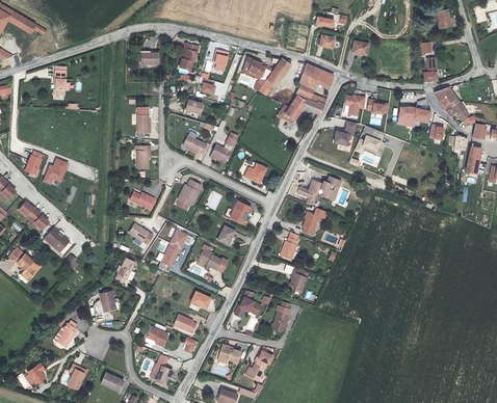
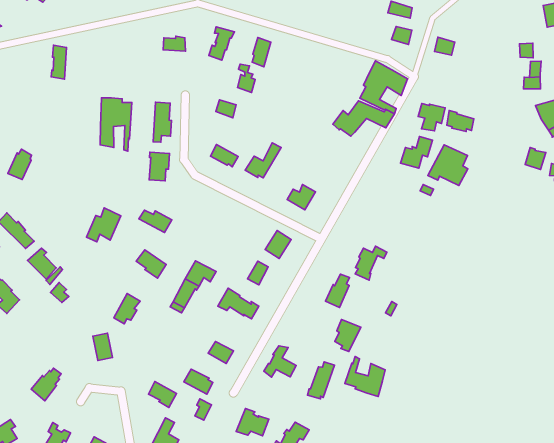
building: [242,57,292,96] -> none
building: none -> [100,98,132,151]
building: [398,107,431,127] -> none
building: [43,158,69,185] -> [86,208,121,242]
building: [297,176,341,207] -> none
building: [176,180,201,209] -> none
building: none -> [345,357,385,397]

